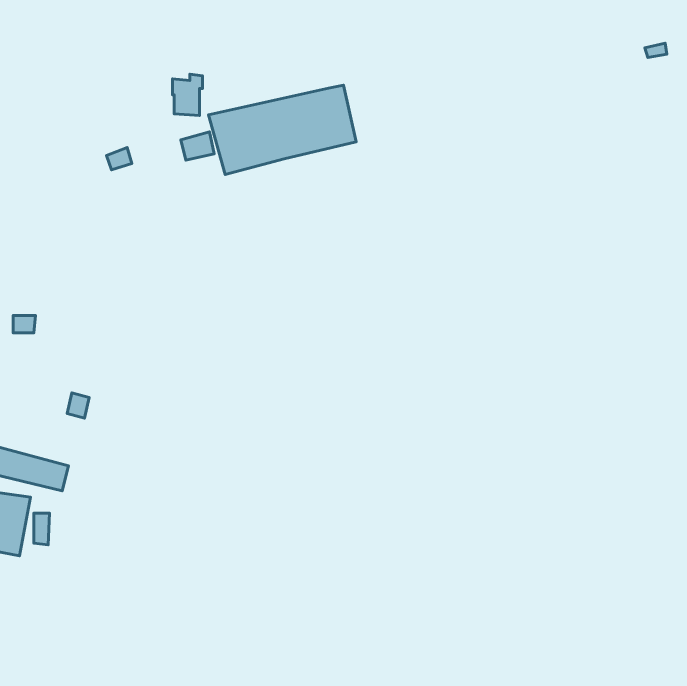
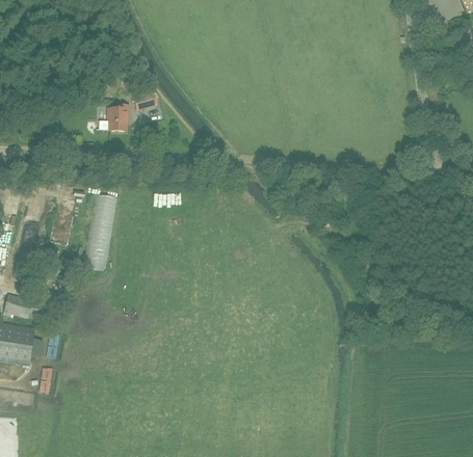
building: [172,74,203,115] -> [108,105,128,132]
building: [209,85,356,174] -> none

